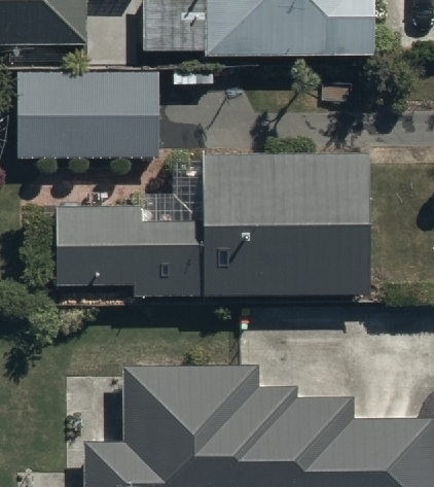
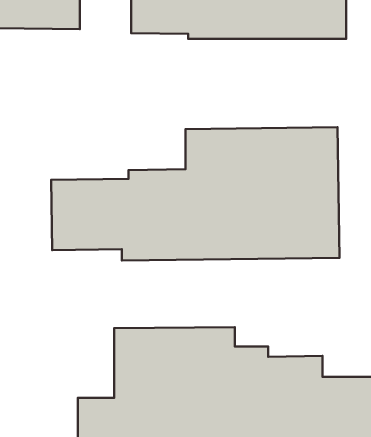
building: [16,73,158,156] -> none

